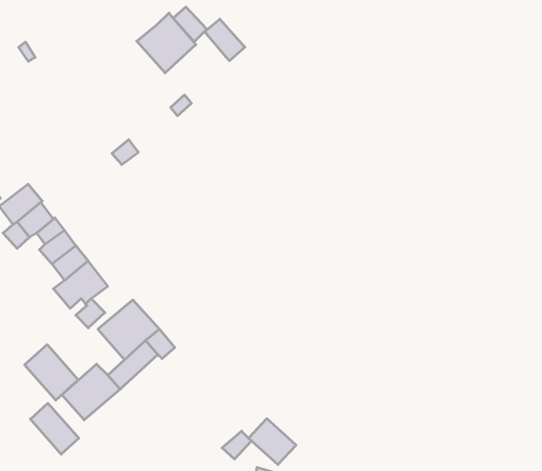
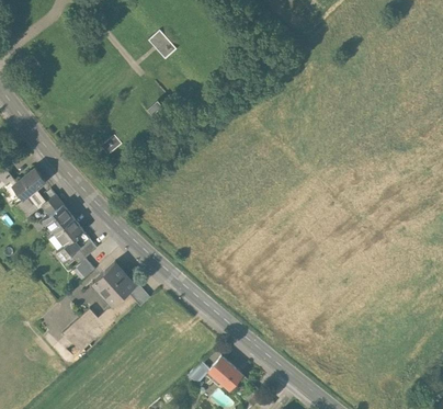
building: [137,13,196,73] -> none
building: [205,19,245,61] -> none
building: [25,345,78,400] -> none
building: [30,403,79,454] -> none

